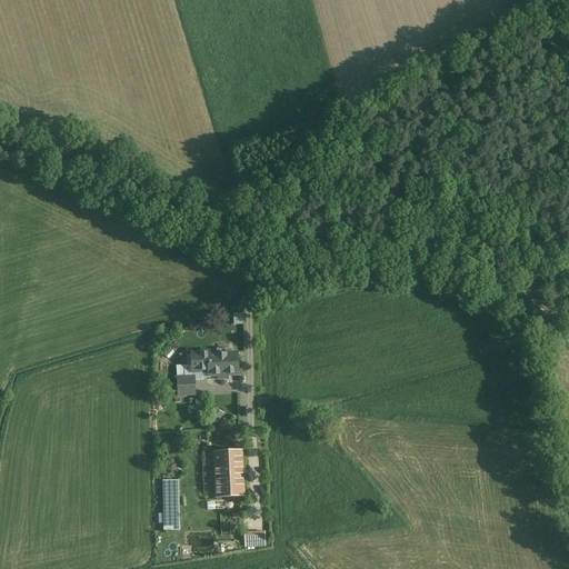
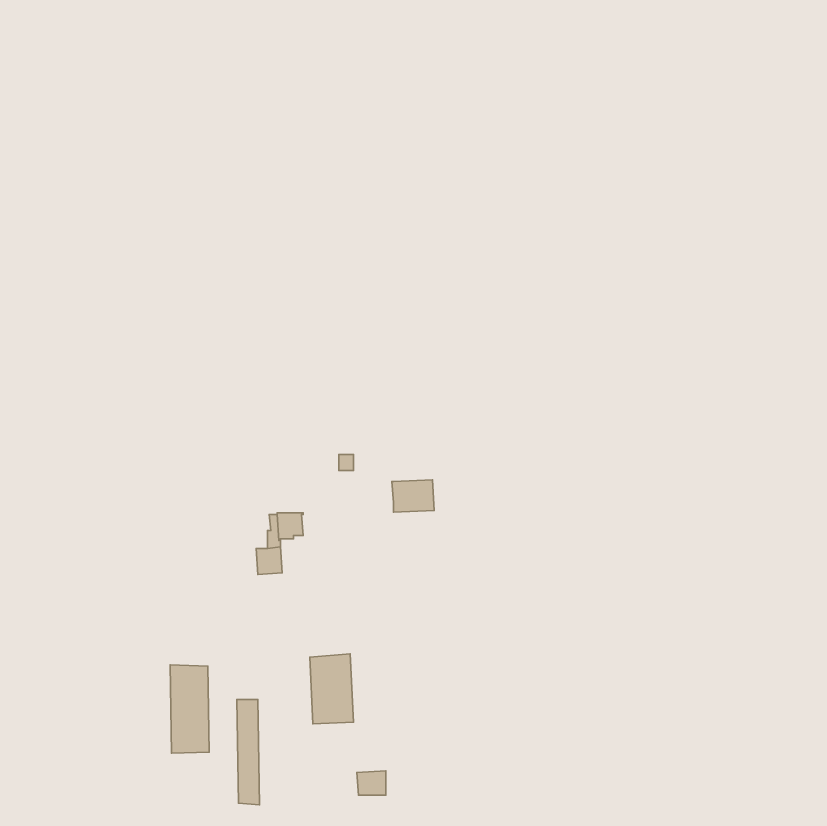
building: [207,351,236,373] -> [392,480,434,512]
building: none -> [170,665,209,753]

